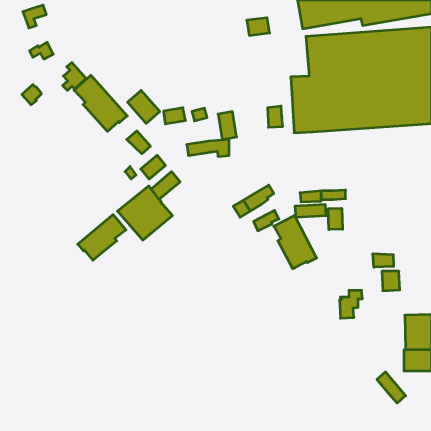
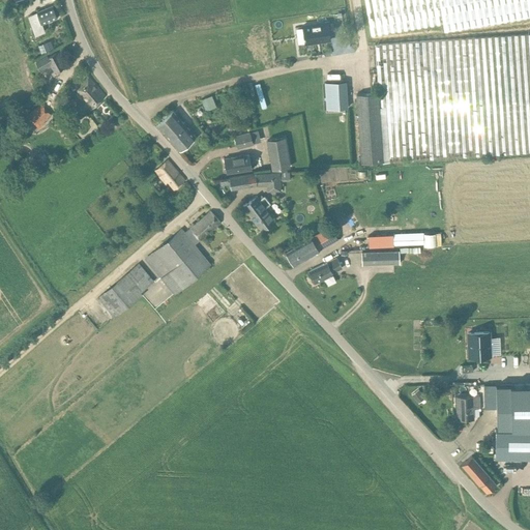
building: [74,75,127,131] -> none
building: [268,106,283,127] -> [326,83,345,109]
building: [164,108,186,124] -> [226,155,253,175]
building: [141,155,165,179] -> none
building: none -> [244,197,275,231]
building: [328,208,343,230] -> none
building: [274,215,317,269] -> none
building: [373,254,394,267] -> none
building: [340,290,362,318] -> [458,386,485,420]

